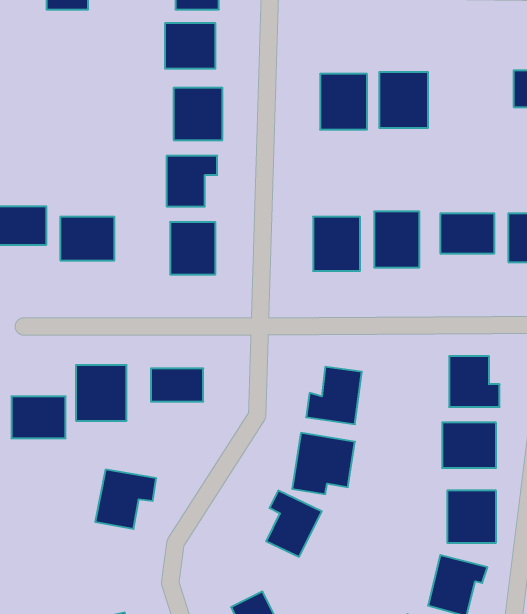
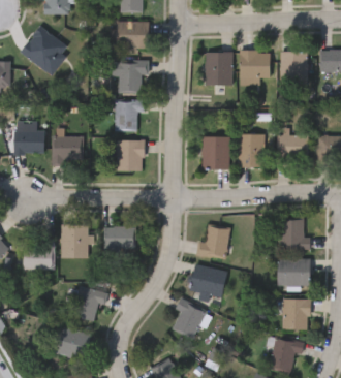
building: none -> [21,26,70,74]
building: none -> [281,52,309,86]
building: none -> [53,325,90,359]

